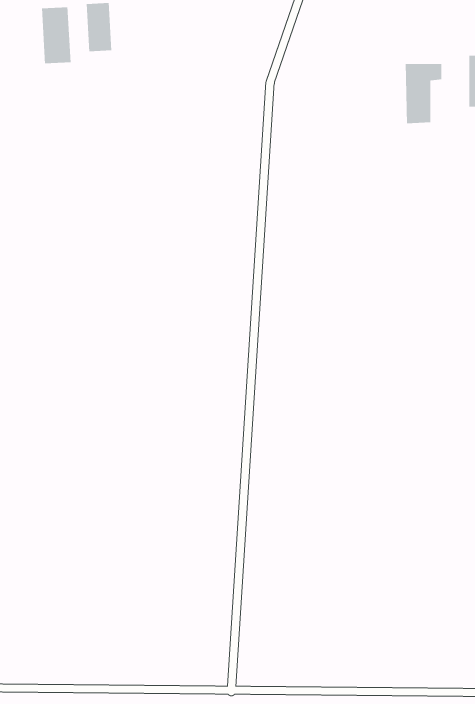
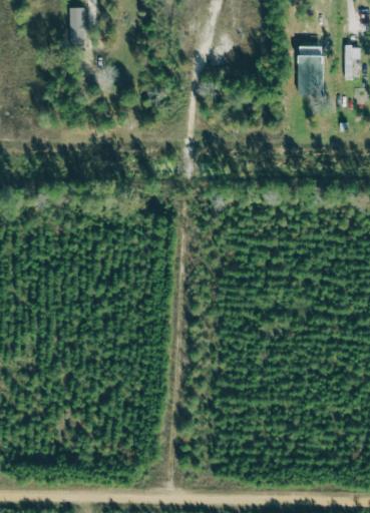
building: [41,6,71,64] -> none

